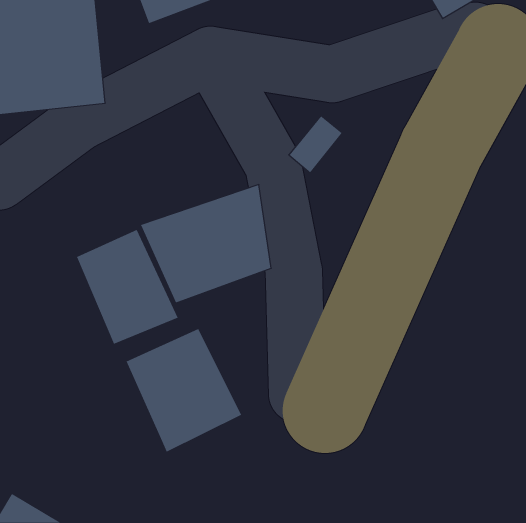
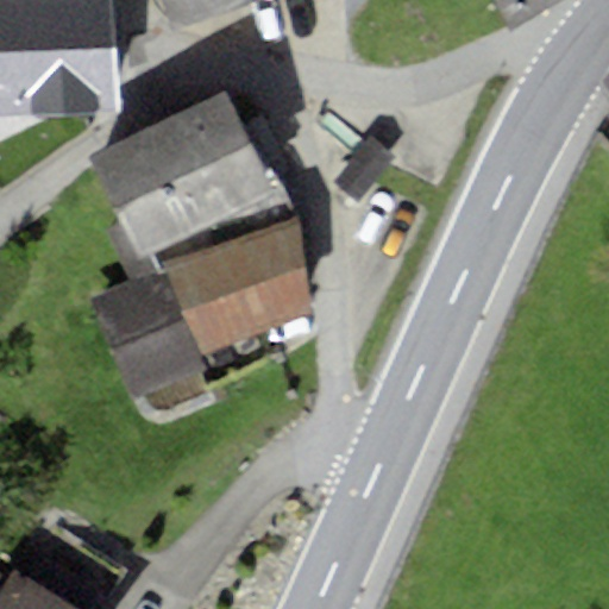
building: none -> [89,88,274,256]
building: [126,328,242,452] -> none

